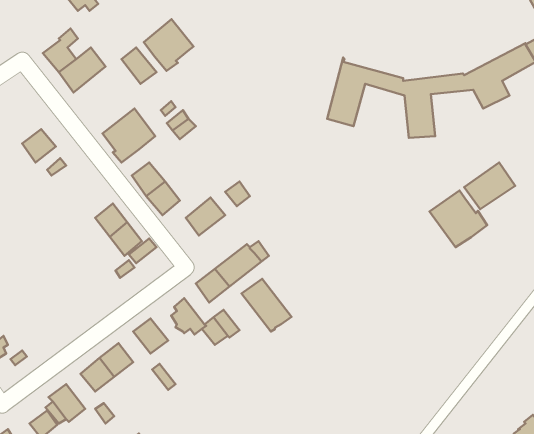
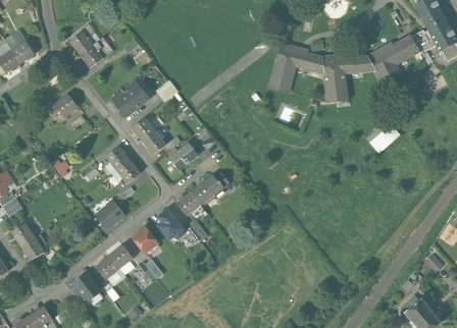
building: [144,19,193,71] -> none
building: [430,190,487,247] -> none
building: [241,279,292,332] -> none
building: none -> [96,200,124,228]

